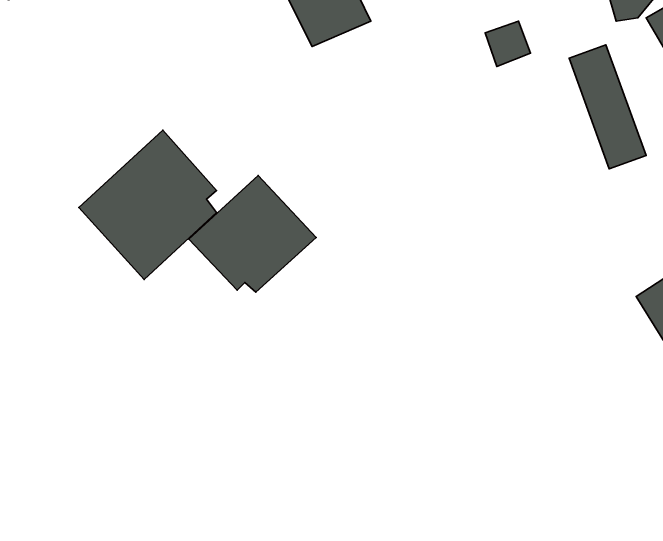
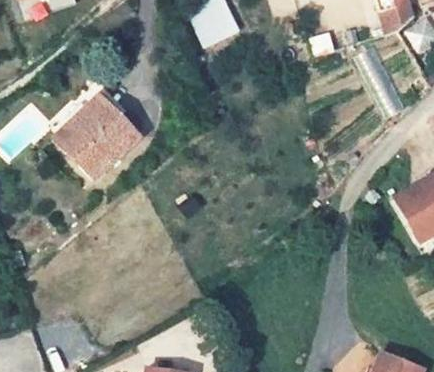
building: [189,175,316,292] -> none

